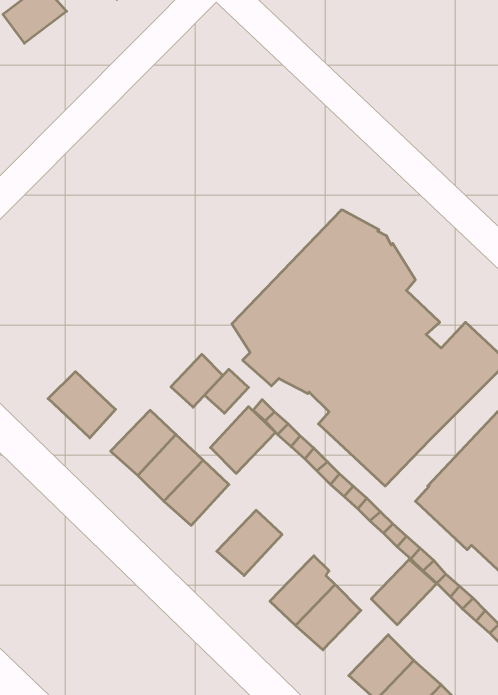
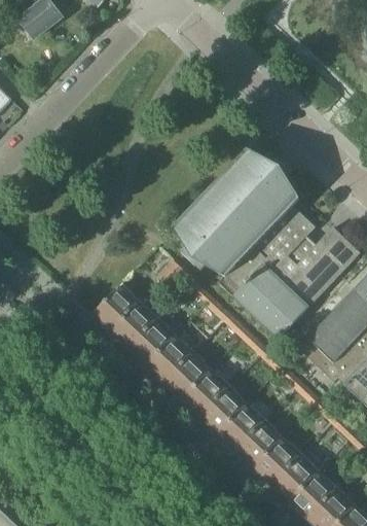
building: [171,354,223,407] -> none
building: [48,372,116,438] -> none
building: [210,407,276,473] -> [146,336,190,381]
building: none -> [182,370,226,415]
building: [371,559,436,625] -> [235,421,280,465]

